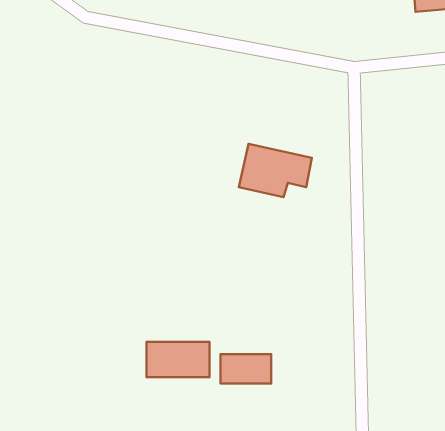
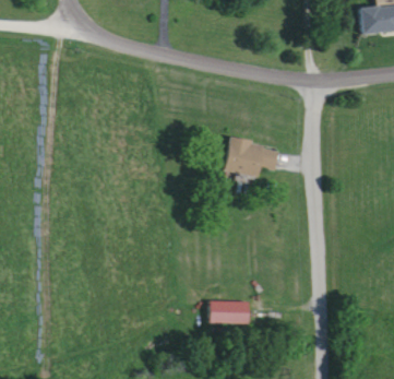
building: [146,342,210,377] -> none

